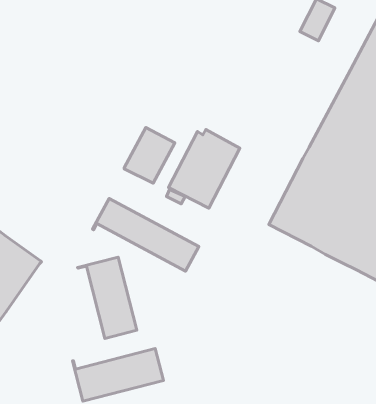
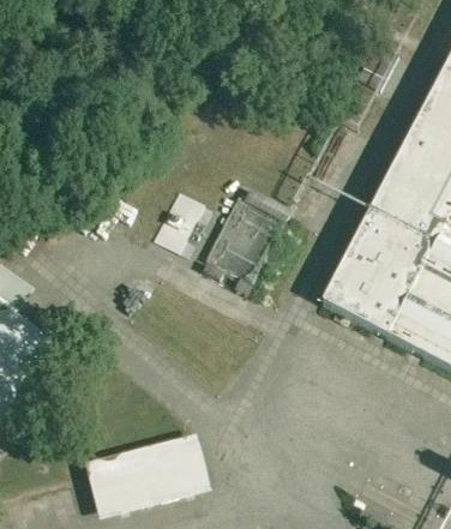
building: [92,198,199,271] -> none
building: [78,257,137,339] -> none

